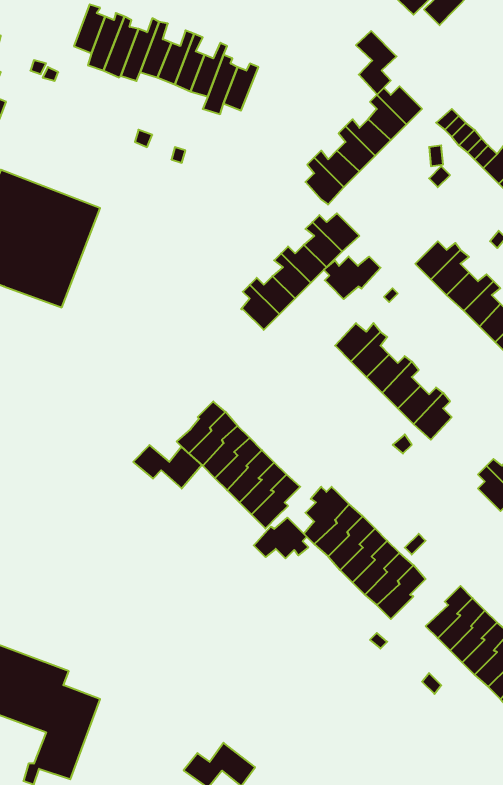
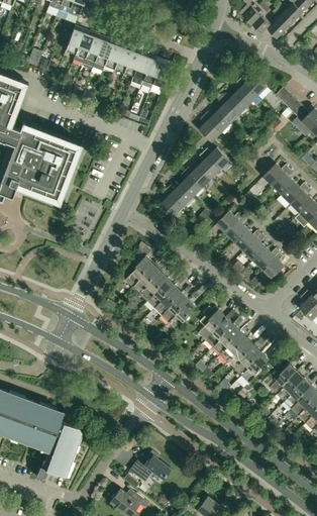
building: [356,31,397,95] -> none
building: [324,256,381,299] -> none
building: [133,445,202,489] -> none
building: [254,518,308,558] -> none

